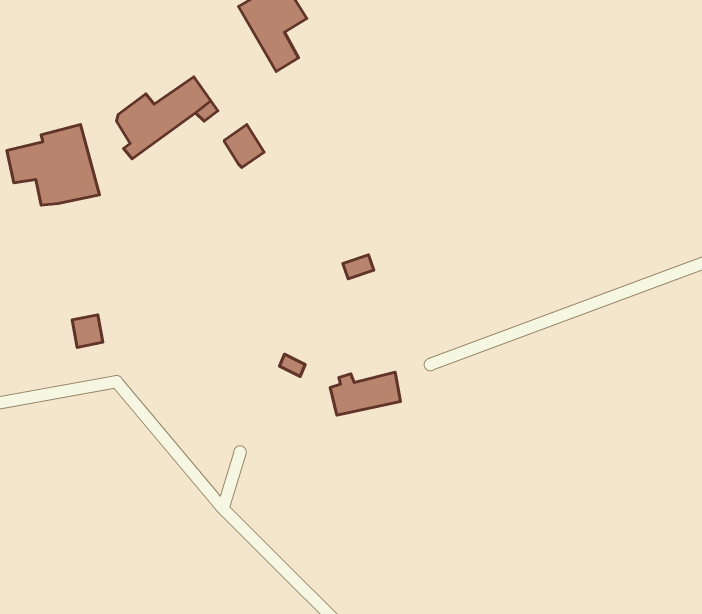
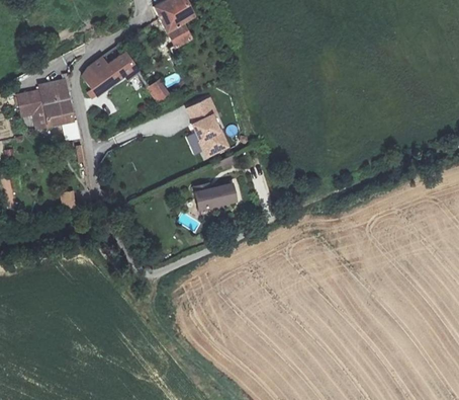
building: none -> [182,96,227,159]
building: [330,372,400,415] -> [194,183,236,209]

